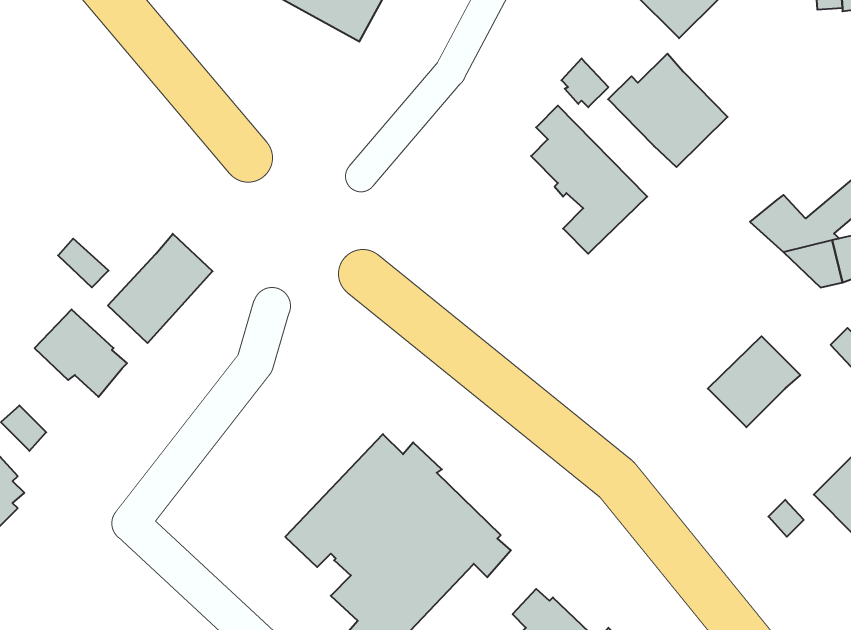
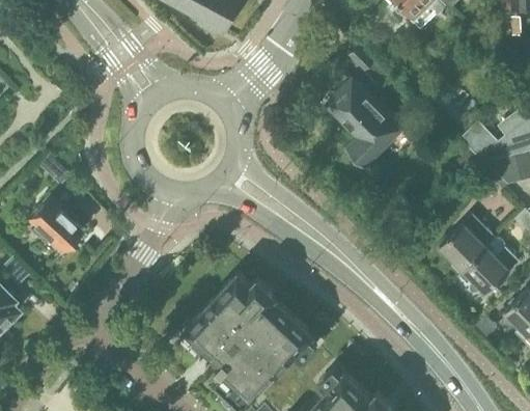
building: [608,54,728,167] -> none
building: [108,234,213,343] -> none
building: none -> [463,247,520,295]

